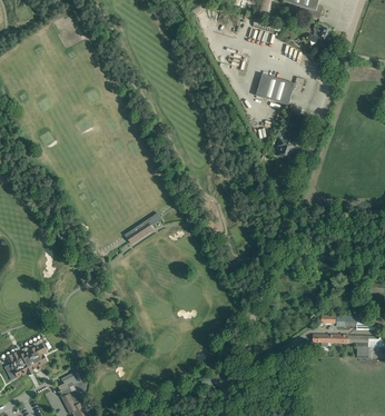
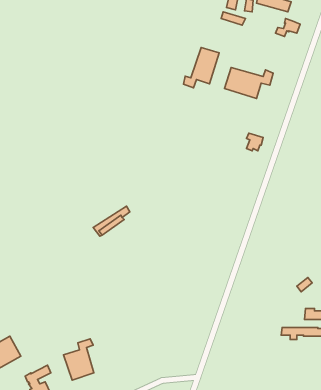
building: none -> [183,48,219,88]
building: none -> [64,339,94,380]

